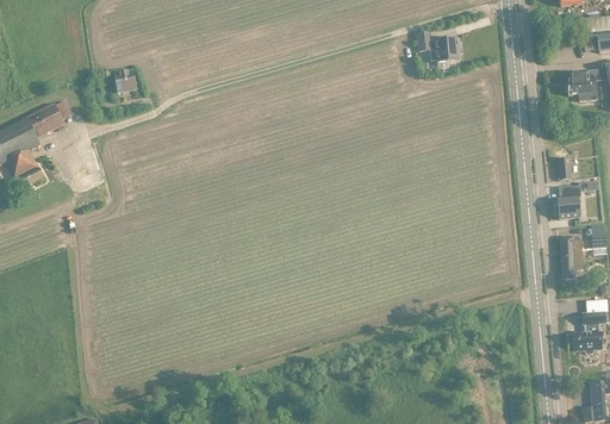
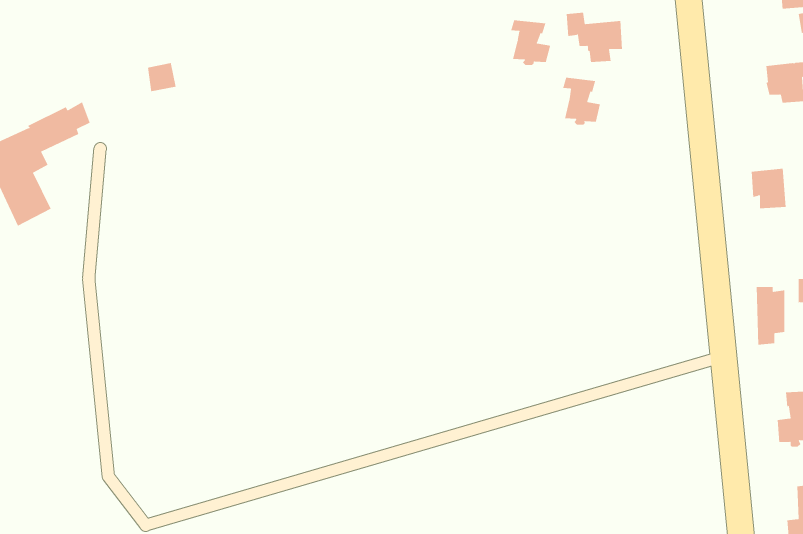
building: none -> [510,20,551,66]
building: none -> [562,77,600,126]
building: [556,185,580,217] -> none

